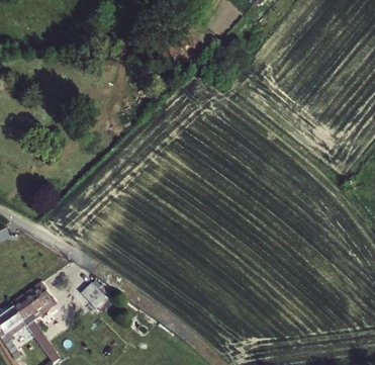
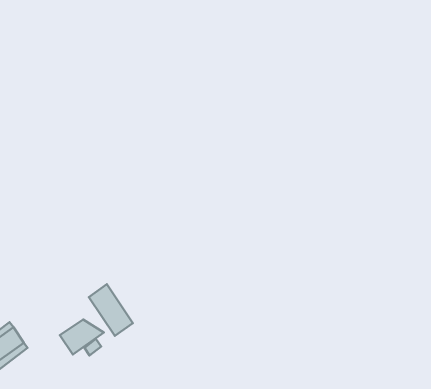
building: none -> [89,284,133,336]

